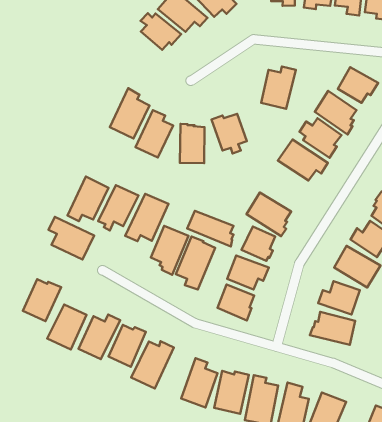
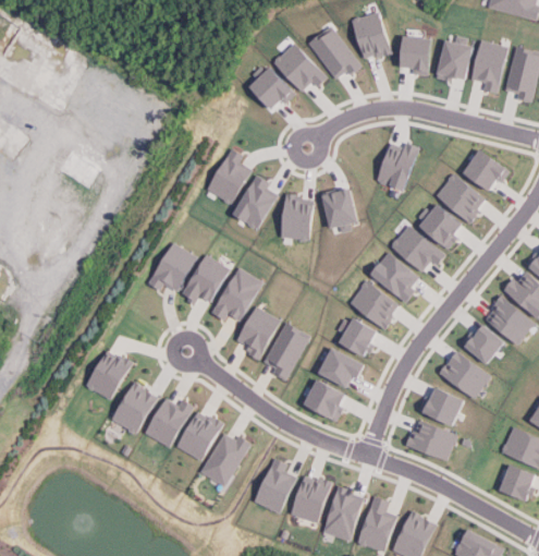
building: none -> [368,253,417,303]
building: [187,211,234,246] -> none
building: [49,217,94,260] -> none

